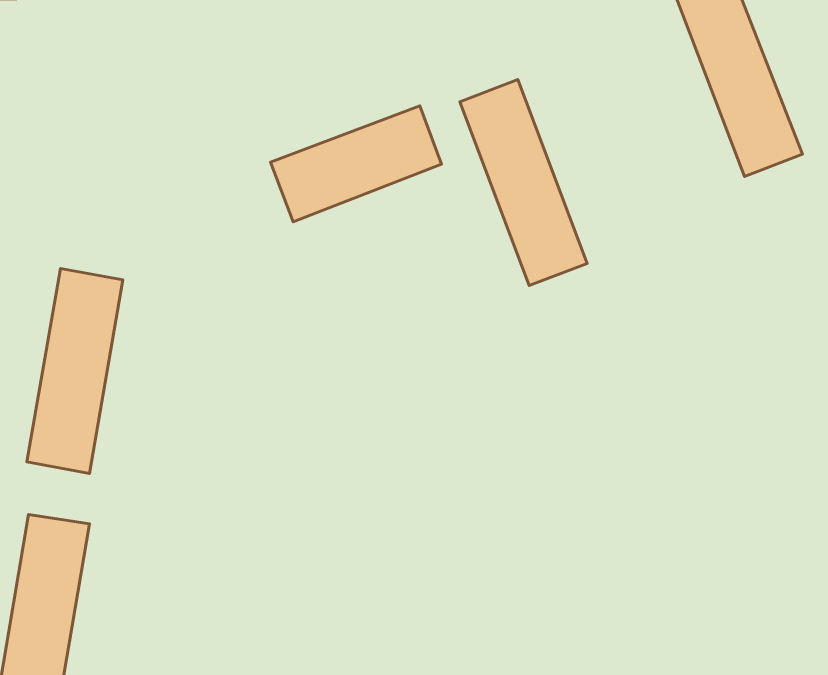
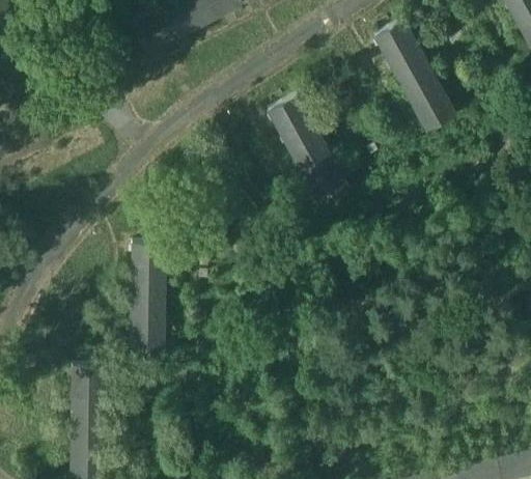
building: [270,106,441,222] -> none
building: [27,268,123,473] -> [130,246,166,353]

